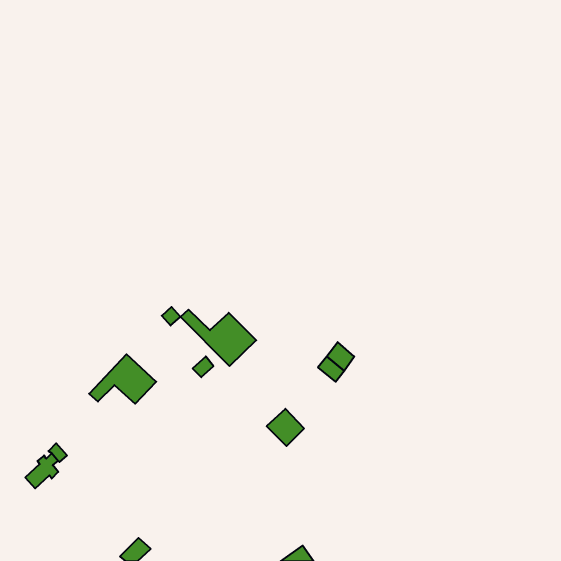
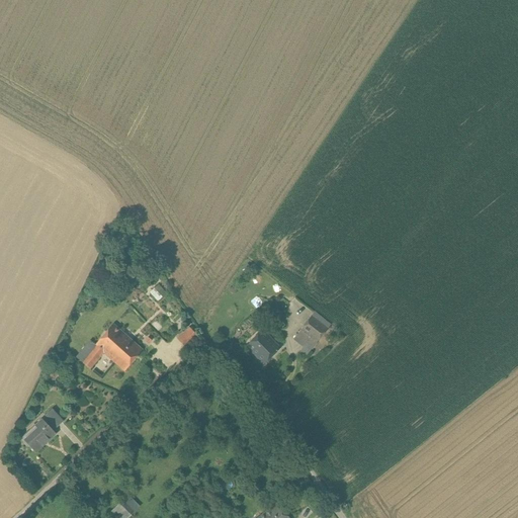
building: [180,310,256,366] -> none
building: [267,409,304,446] -> [245,329,279,363]

